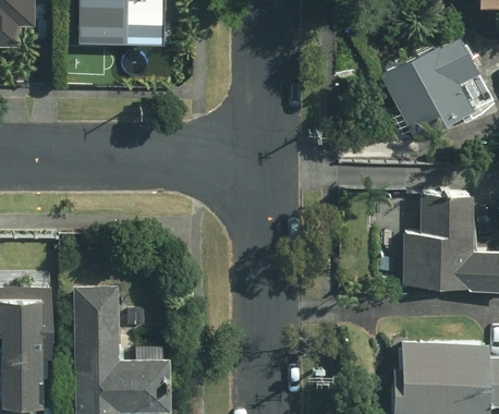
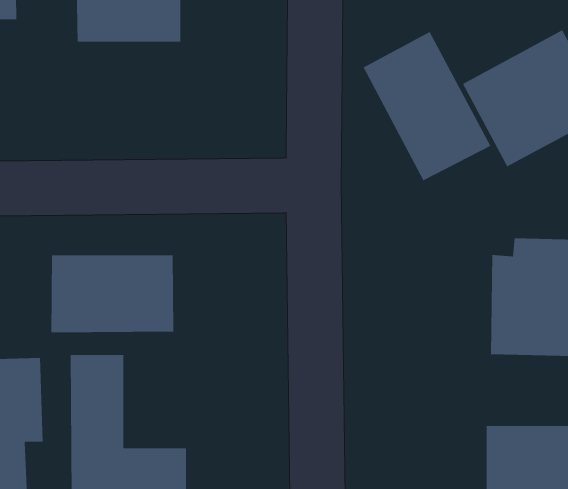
building: none -> [363,31,491,181]
building: none -> [51,254,174,333]

